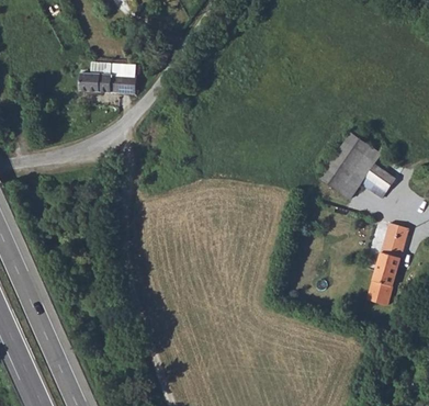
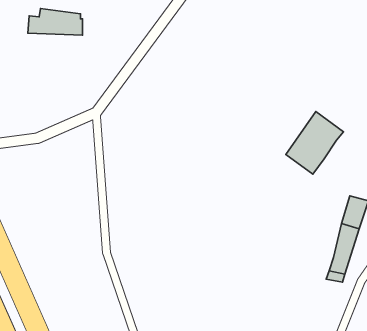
building: [79,64,137,92] -> [28,9,83,35]
building: [362,161,395,195] -> none

